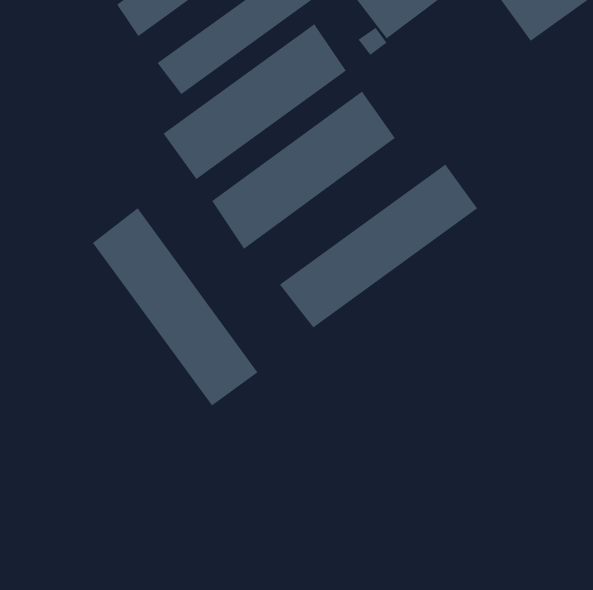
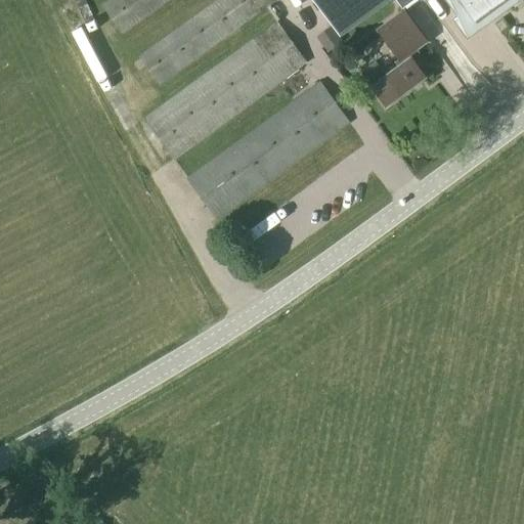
building: none -> [362,10,427,104]
building: [279,163,478,329] -> none
building: [92,207,259,407] -> none

